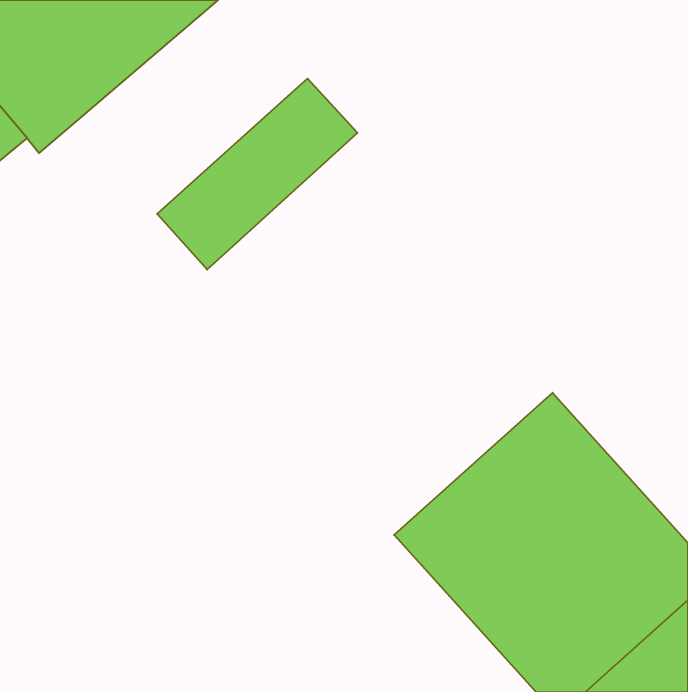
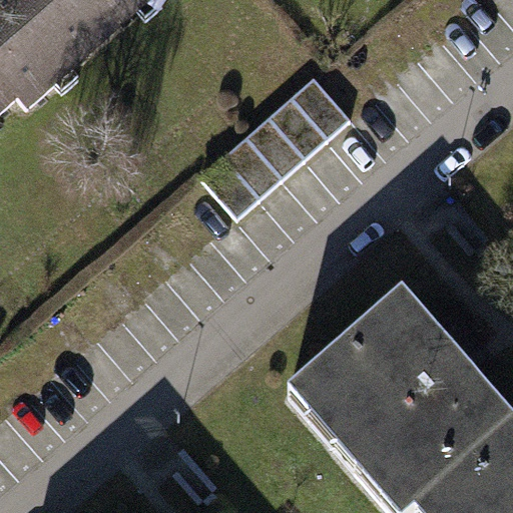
building: [157,79,357,270] -> [199,75,348,216]

